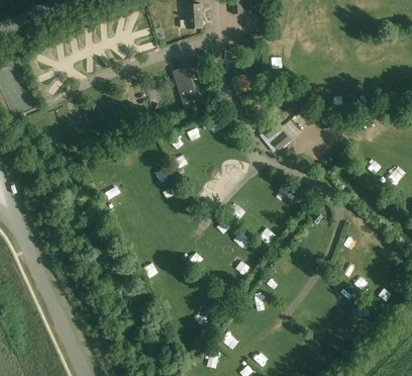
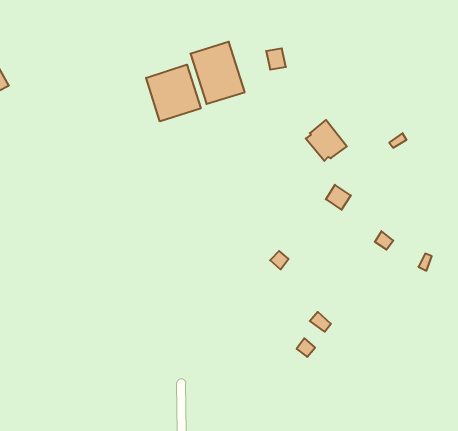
building: none -> [146,65,201,121]

